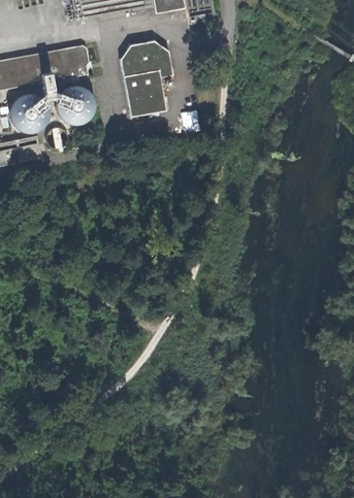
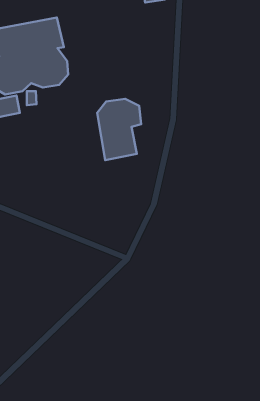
building: [120,43,171,115] -> [97,99,141,160]

